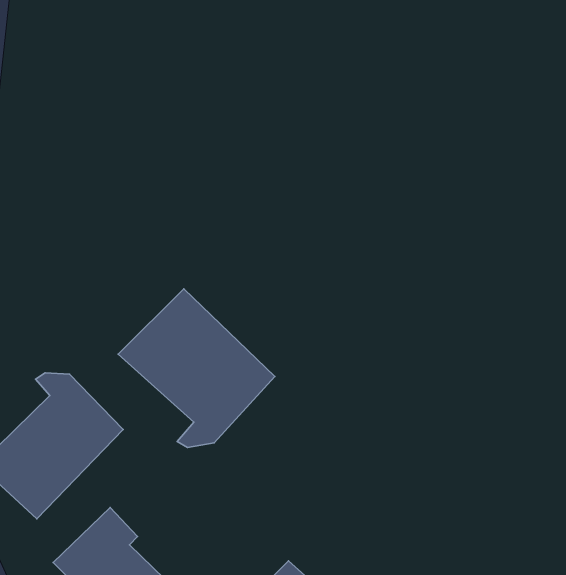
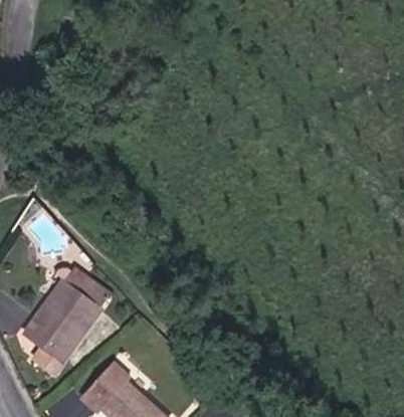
building: [118,289,275,448] -> none

